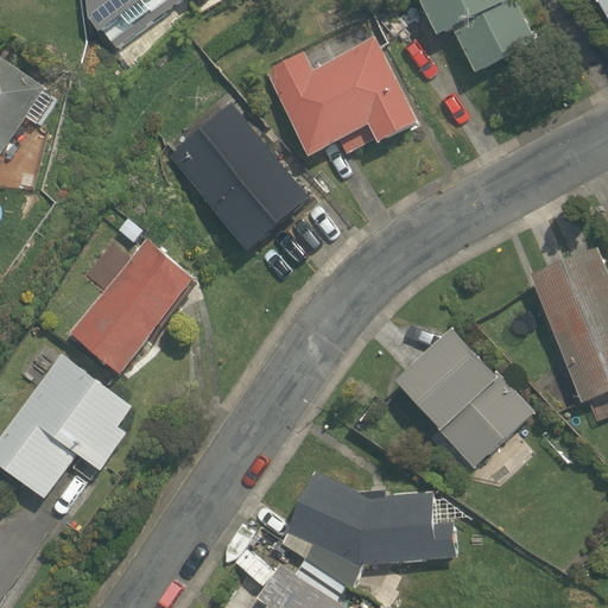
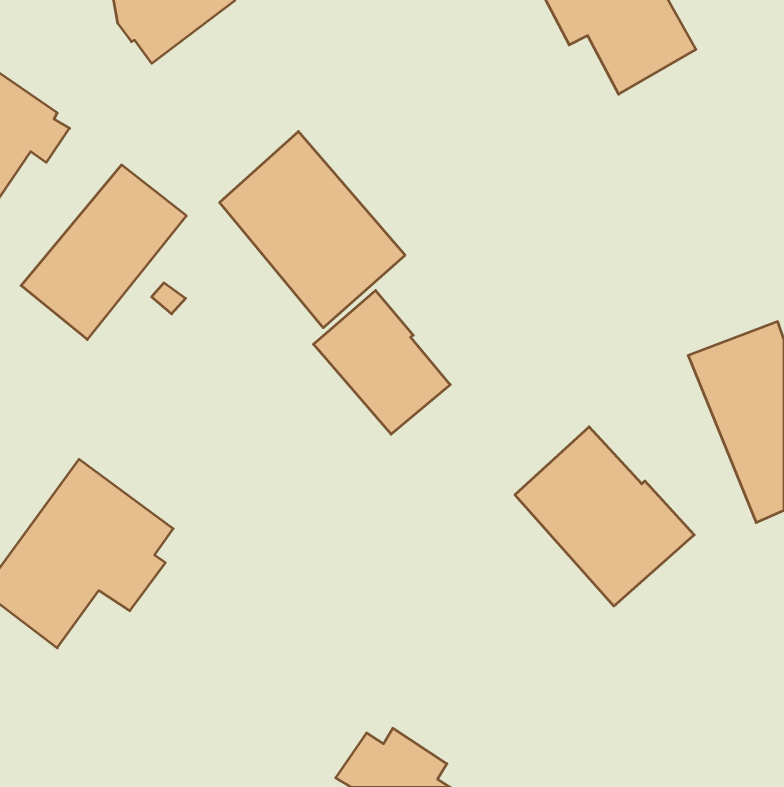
building: [265,36,418,157] -> none
building: none -> [313,290,450,434]
building: [69,239,196,373] -> [21,165,186,340]
building: [280,470,457,588] -> none

